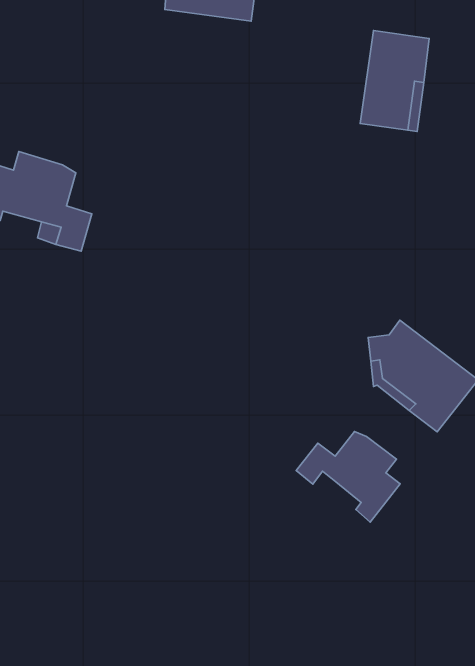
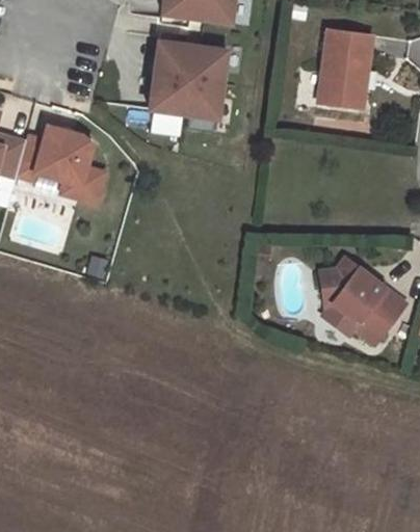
building: none -> [150,41,227,118]
building: [296,432,400,522] -> none

